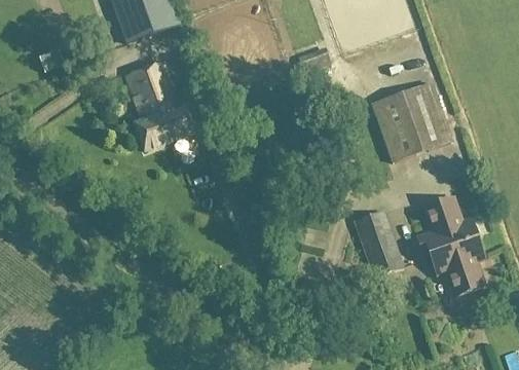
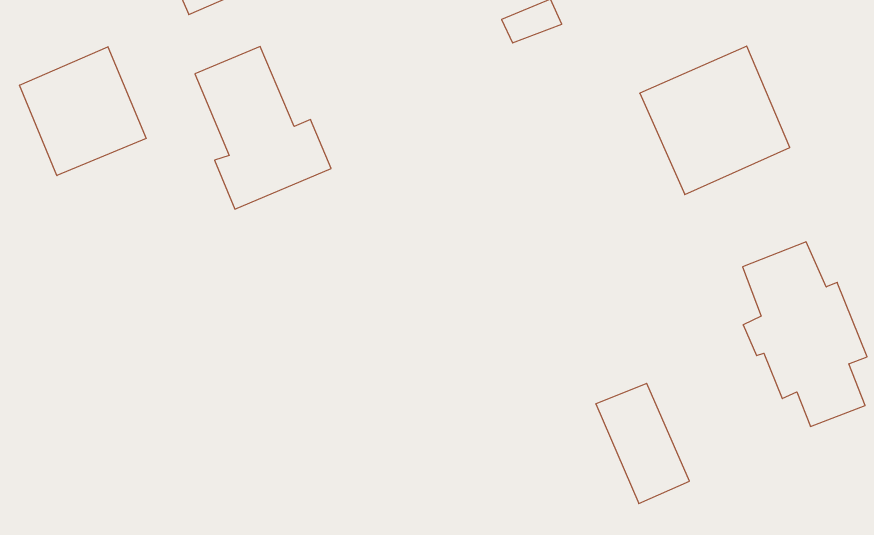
building: none -> [20,47,146,176]
building: [354,211,402,276] -> [596,383,689,504]

